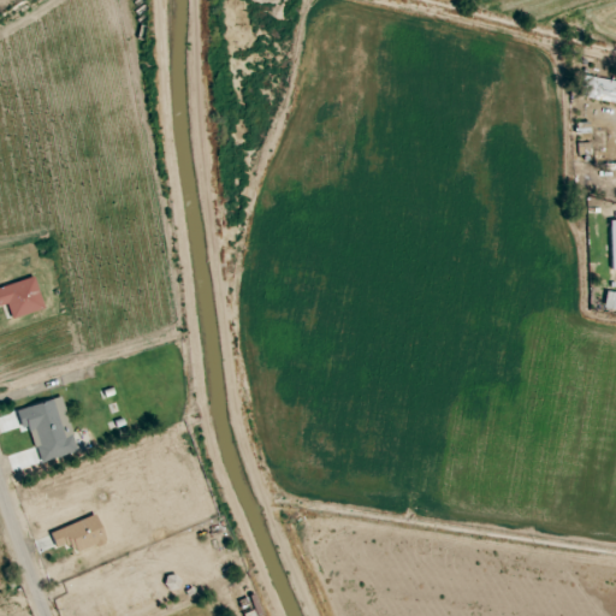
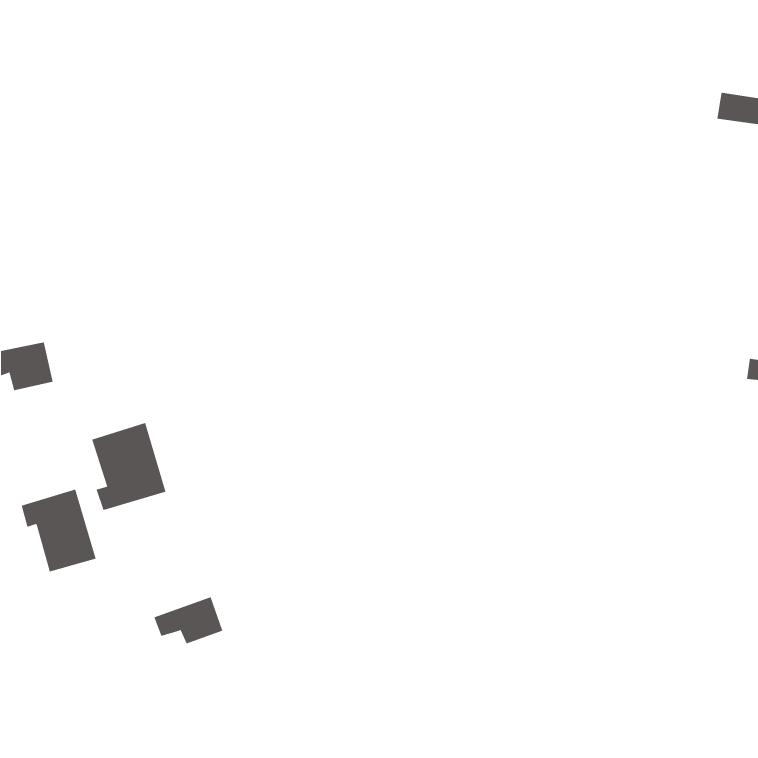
building: none -> [91,422,166,511]
building: [51,514,107,552] -> [153,597,223,644]

